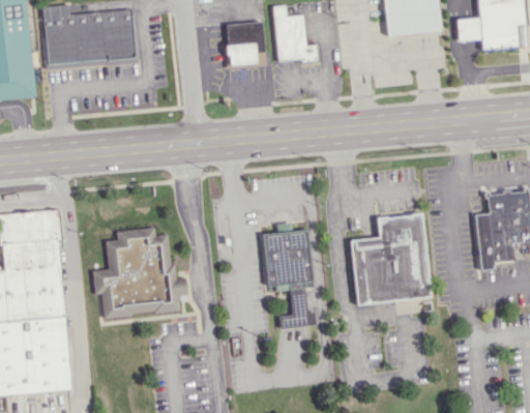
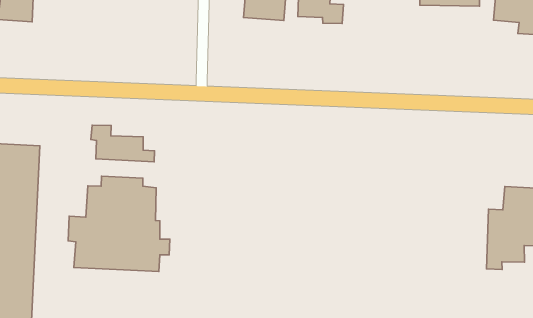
building: none -> [91,125,154,162]
building: [351,213,430,304] -> none
building: [262,223,316,328] -> none

